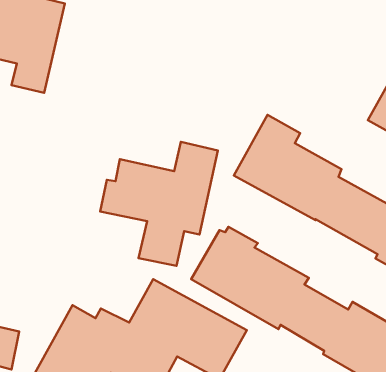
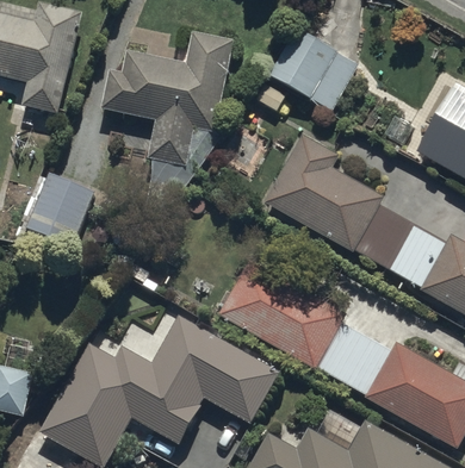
building: none -> [268,30,356,113]
building: [100,142,218,266] -> [103,33,231,169]
building: none -> [25,174,94,248]

